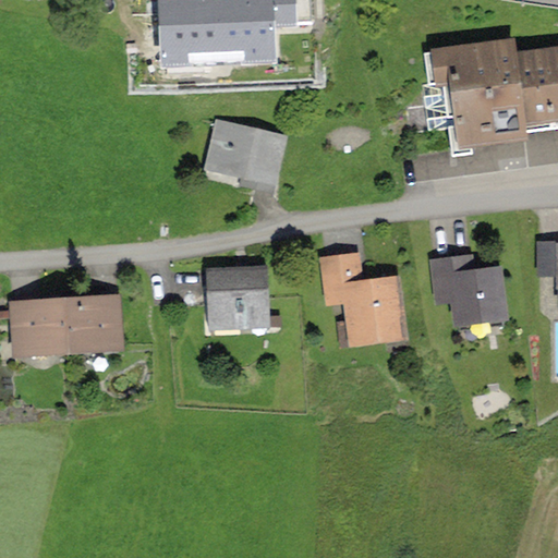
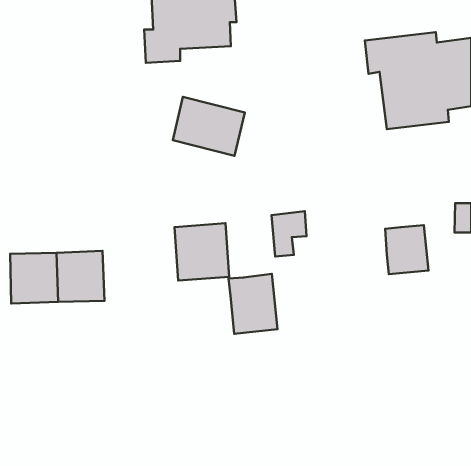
building: [430,253,473,303] -> none
building: [344,275,402,345] -> [229,274,278,334]

